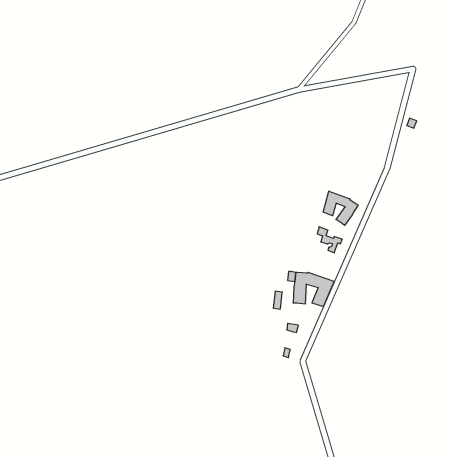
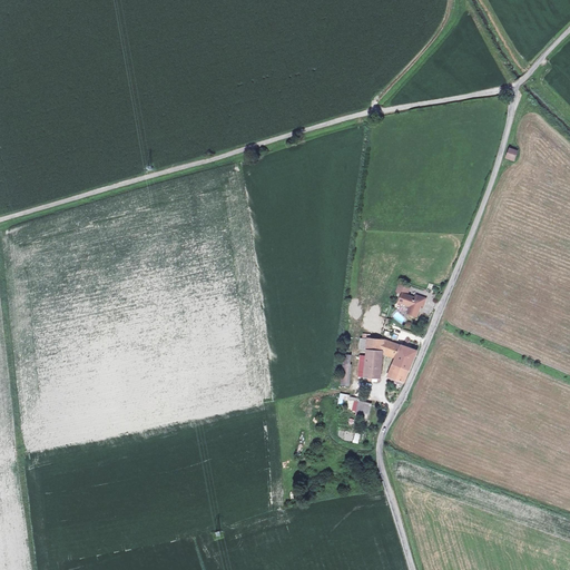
building: [323,191,358,225] -> none

